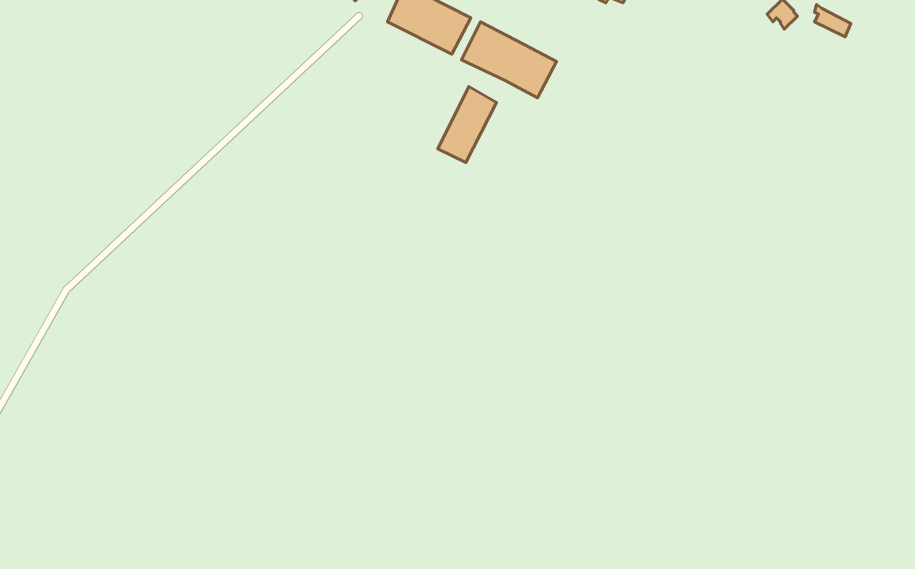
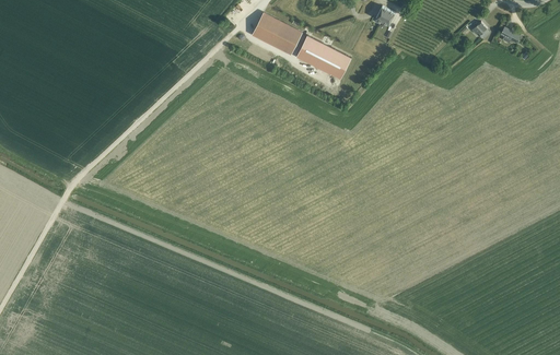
building: [438,86,496,162] -> none

